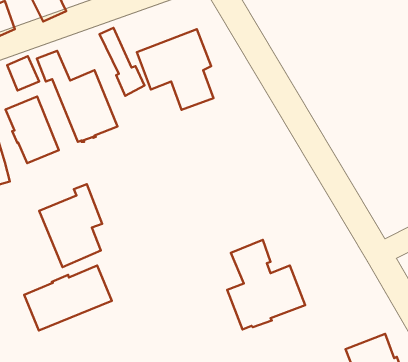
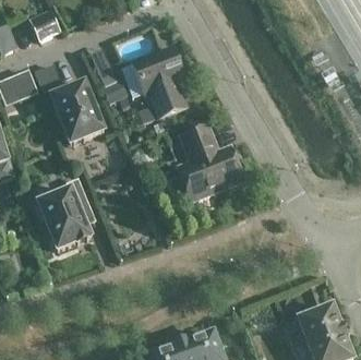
building: [5,96,59,163] -> none
building: [227,240,305,330] -> [177,124,243,201]
building: [24,265,112,330] -> none

